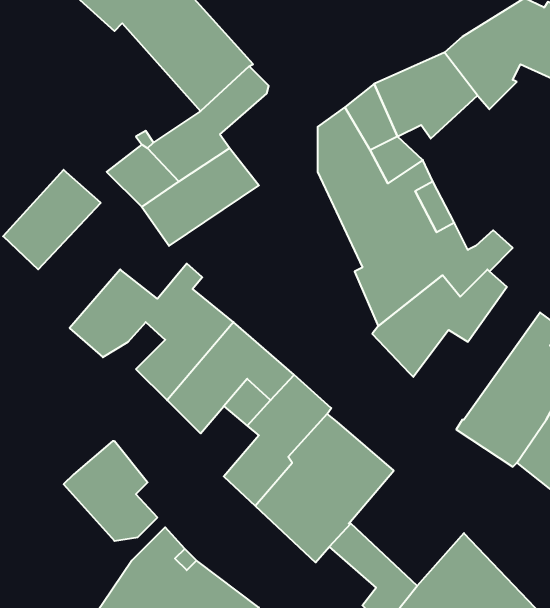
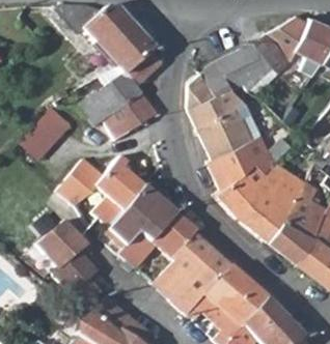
building: none -> [240,169,307,239]
building: none -> [38,222,86,268]
building: none -> [205,266,267,327]

